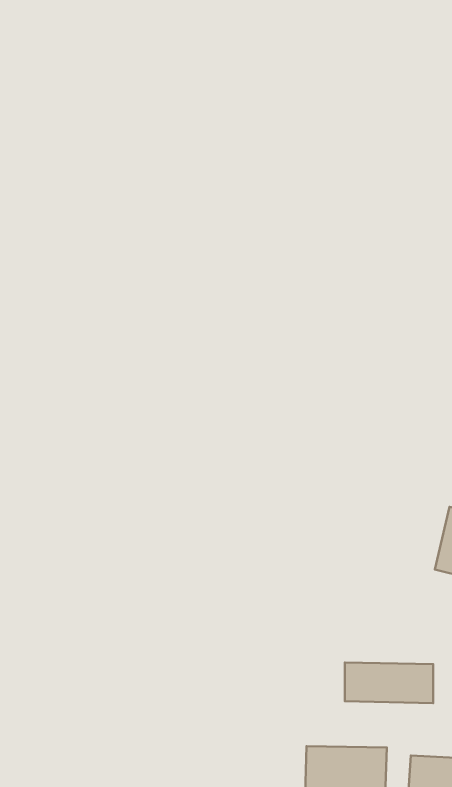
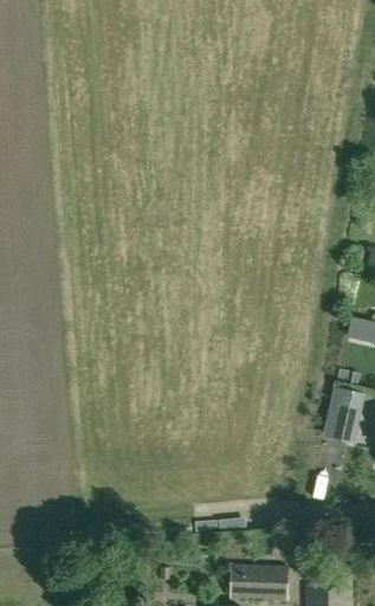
building: [345,663,433,703] -> none

